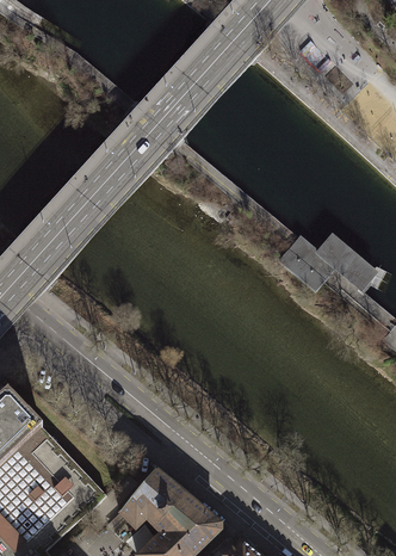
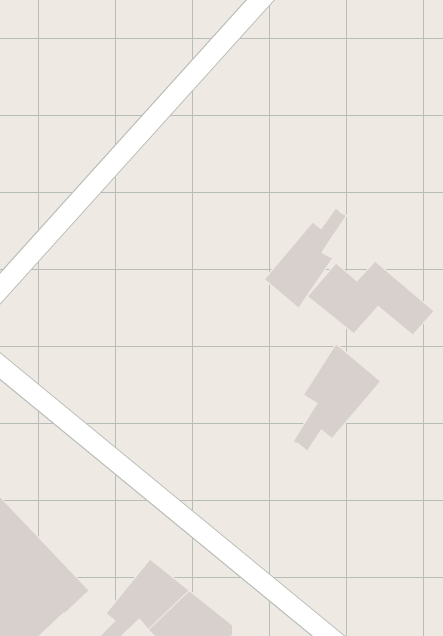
building: none -> [264,208,347,308]
building: none -> [293,343,381,451]

